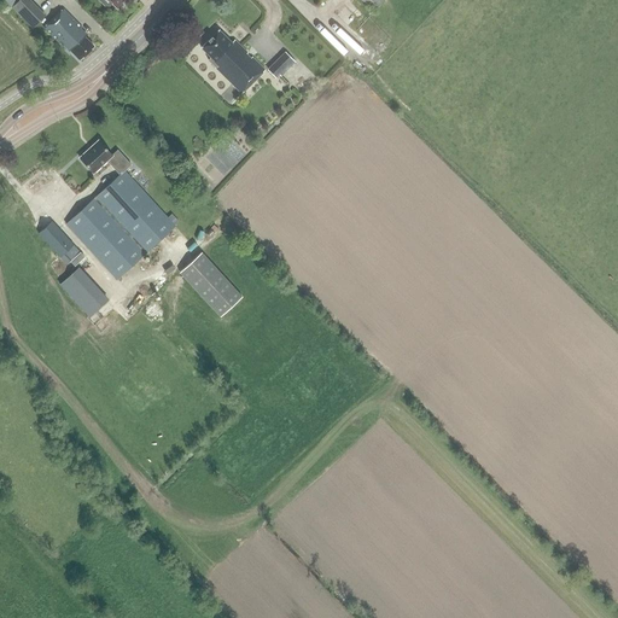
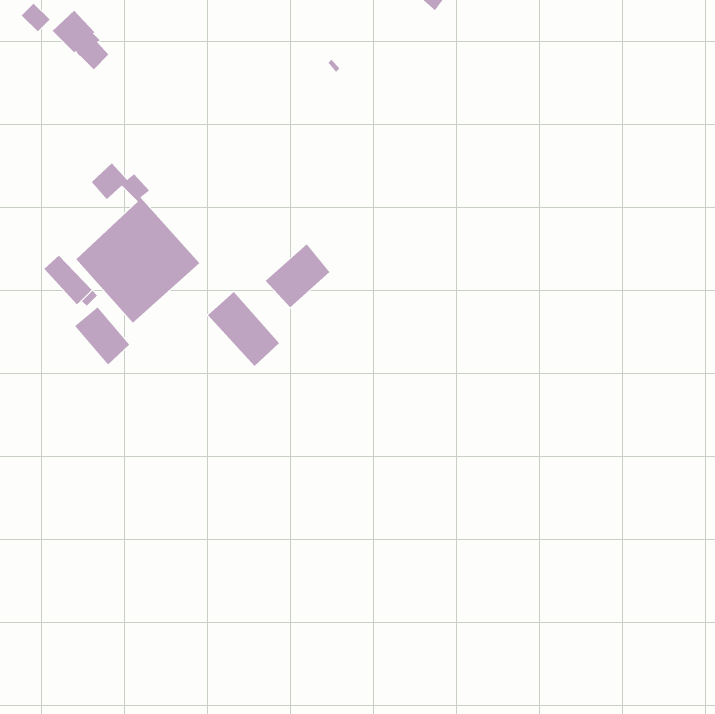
building: [198,30,264,93] -> none
building: none -> [265,243,330,308]

